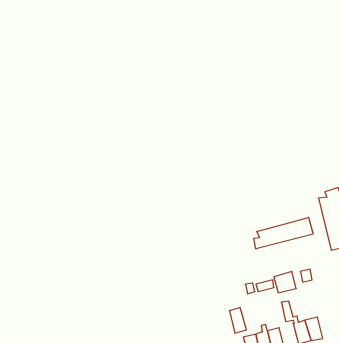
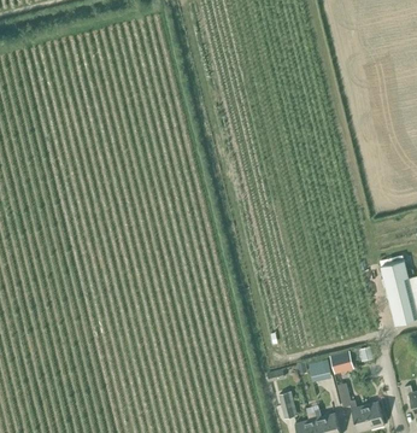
building: [254,217,313,249] -> none

